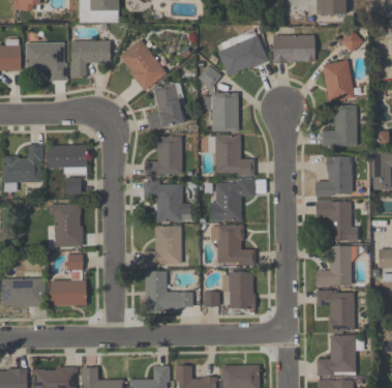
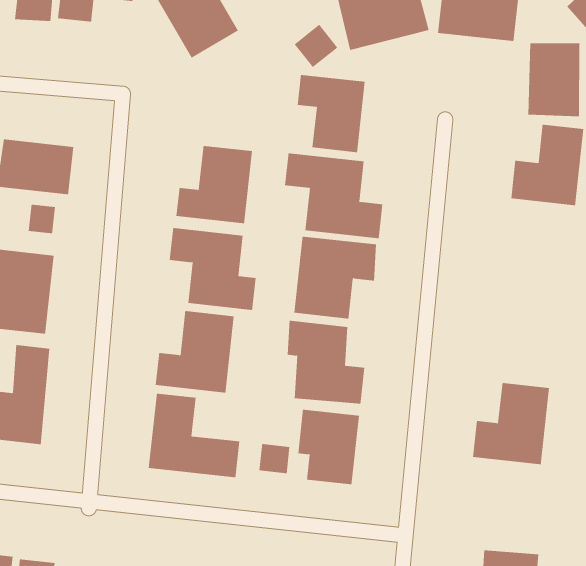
building: [146,83,186,131] -> none
building: [314,156,354,197] -> none
building: [315,201,358,241] -> none
building: [316,290,354,330] -> none

